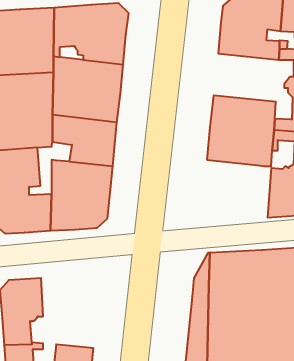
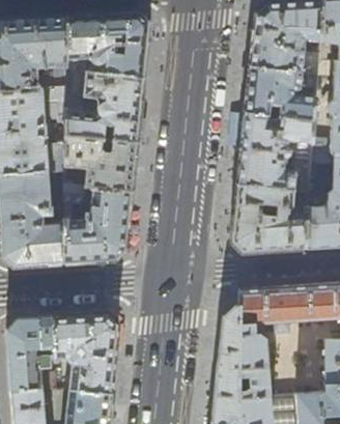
building: none -> [243,69,315,123]
building: none -> [229,188,307,256]
building: none -> [51,315,116,397]

